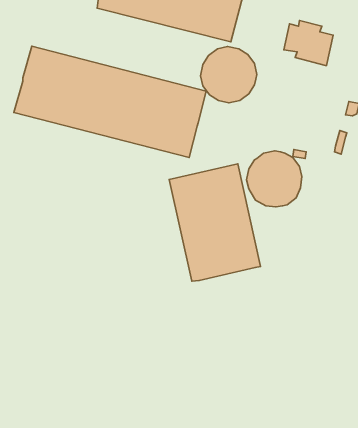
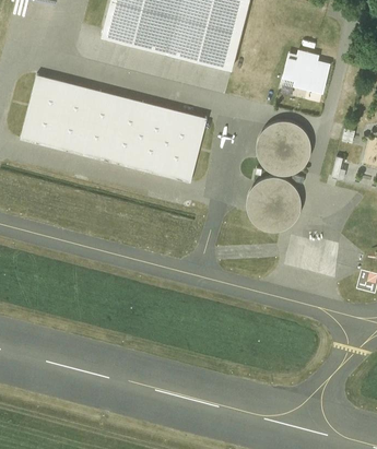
building: [201,47,257,103] -> [256,120,310,175]
building: [169,164,260,281] -> none

